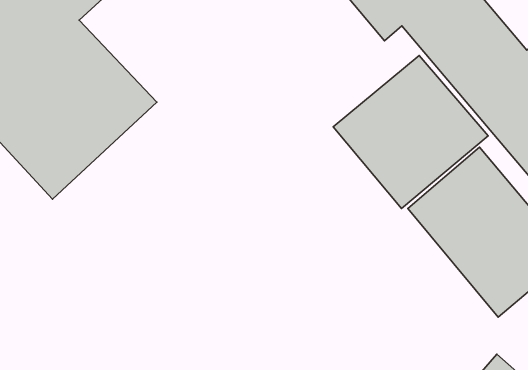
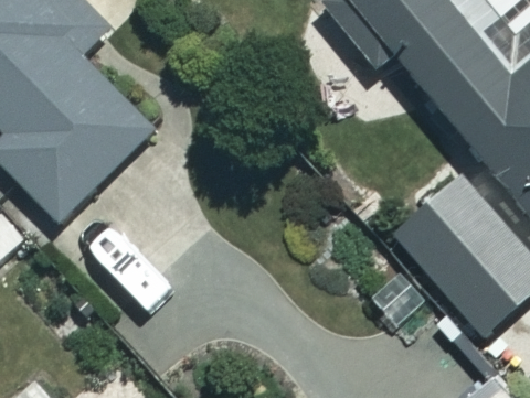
building: [333,55,488,208] -> none

